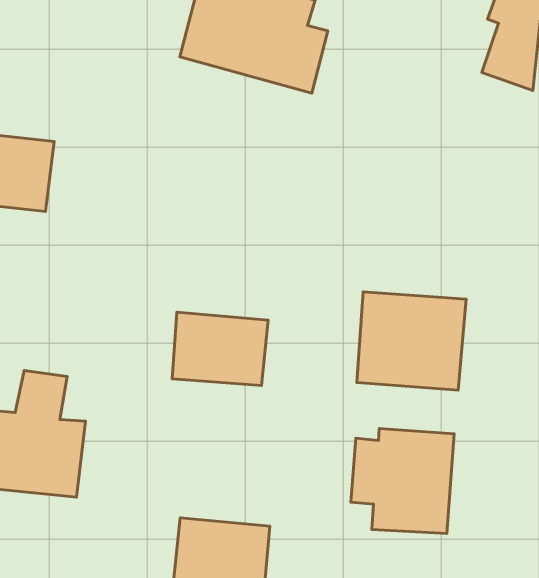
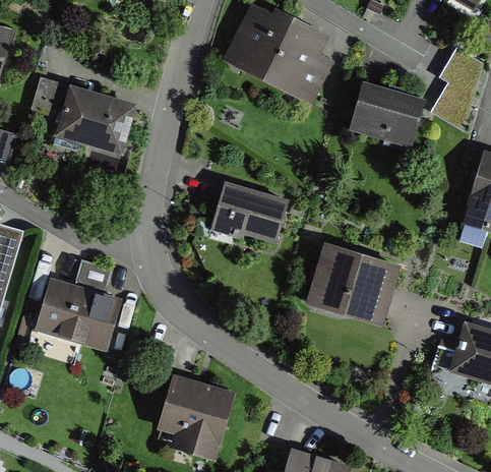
building: none -> [354,84,421,143]
building: [172,312,268,385] -> [214,183,287,243]
building: [351,429,454,533] -> none

